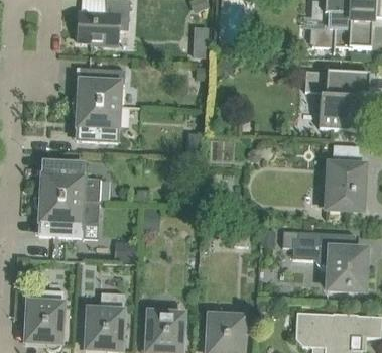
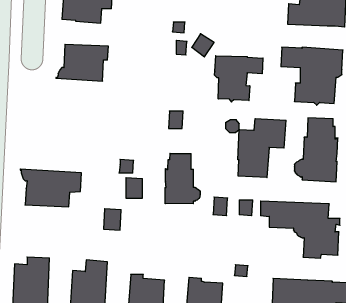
building: none -> [215,56,263,102]
building: [71,103,122,142] -> none
building: none -> [238,119,286,178]
building: [33,162,97,202] -> none
building: none -> [165,153,200,204]

